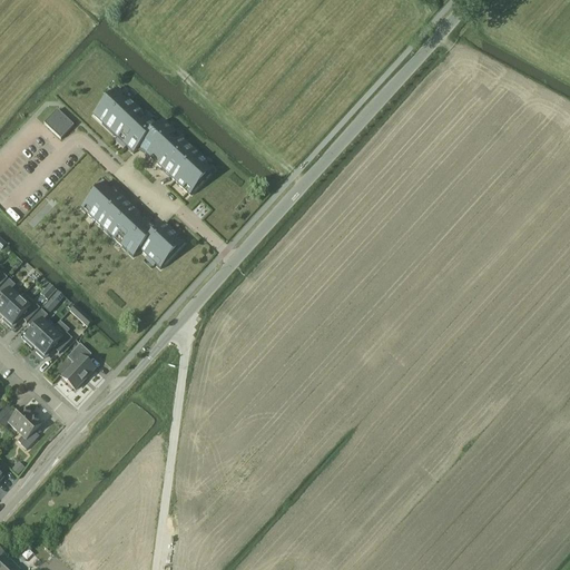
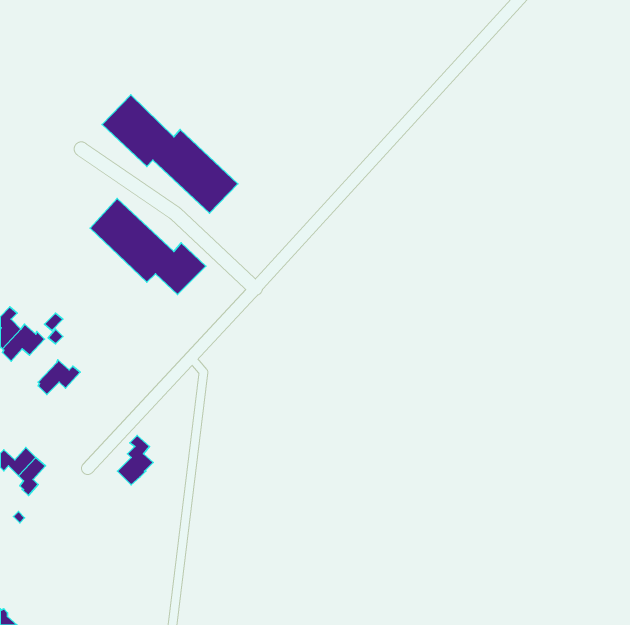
building: [43,107,73,137] -> none
building: [23,307,51,346] -> none
building: [62,342,95,386] -> [118,435,153,485]

